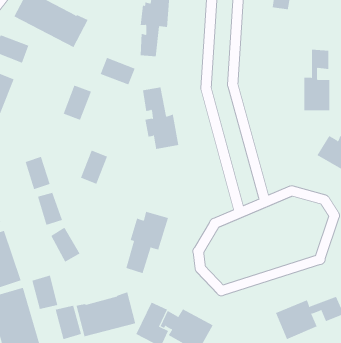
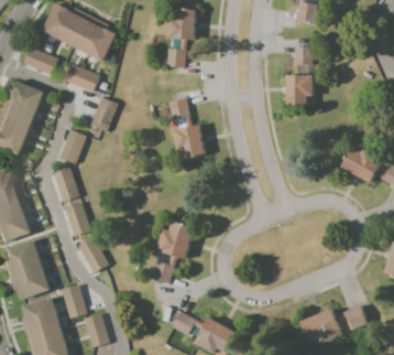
building: [303,49,330,111] -> [286,45,313,106]
building: [100,57,136,85] -> [64,63,99,90]
building: [80,150,108,184] -> [58,128,86,162]
building: [76,292,136,337] -> none

